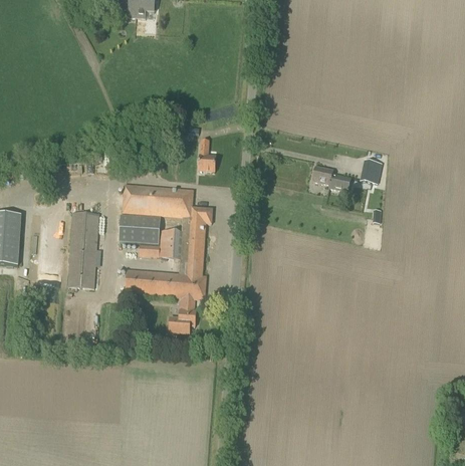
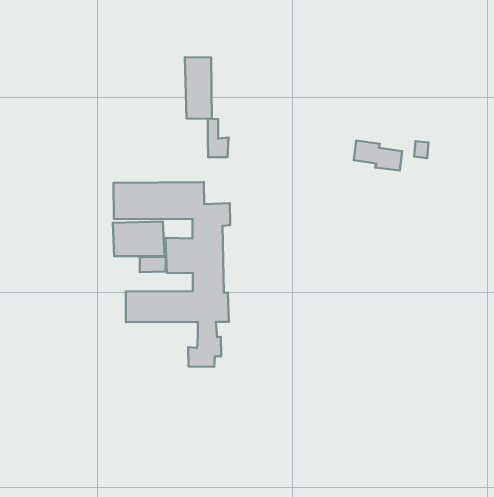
building: none -> [185,57,212,119]
building: [67,212,99,288] -> none

